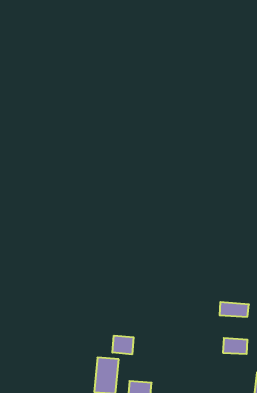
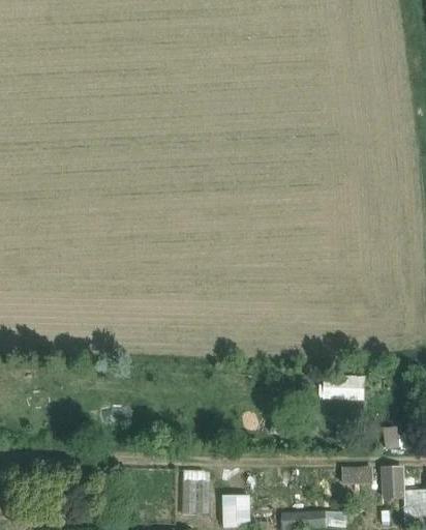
building: [112,336,134,354] -> none
building: [223,338,248,354] -> [341,465,372,484]

